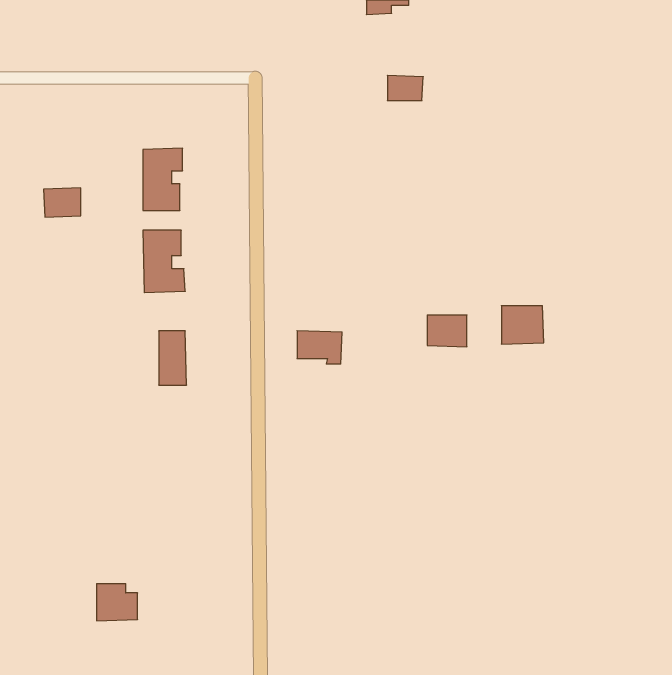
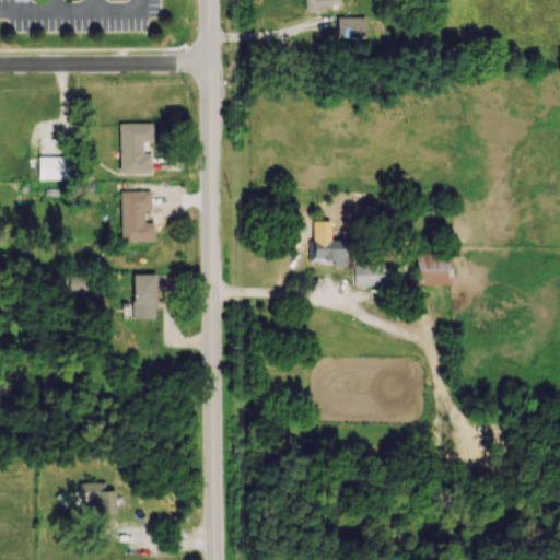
building: [387,75,423,101] -> [338,18,368,38]
building: [297,331,342,364] -> [311,240,348,267]

